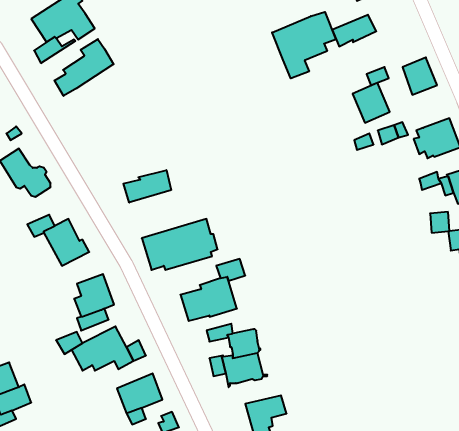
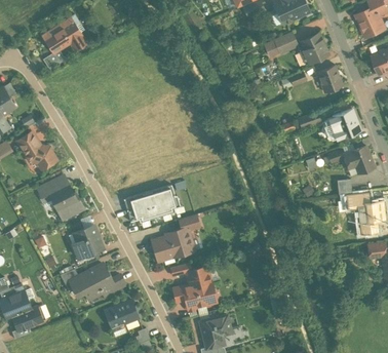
building: [272,12,336,78] -> none
building: [54,39,114,96] -> none
building: [353,83,390,123] -> [300,33,327,63]
building: [123,170,171,203] -> none

